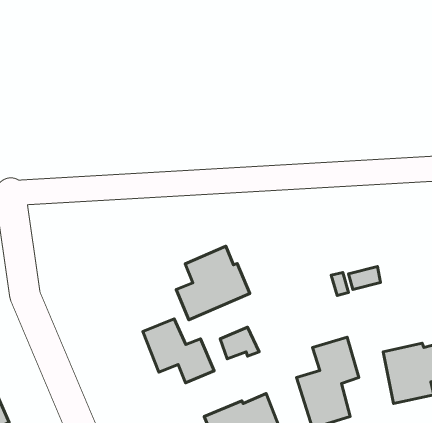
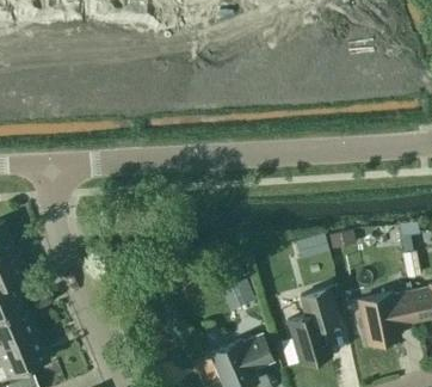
building: [176,246,250,320] -> none
building: [143,319,214,383] -> none

